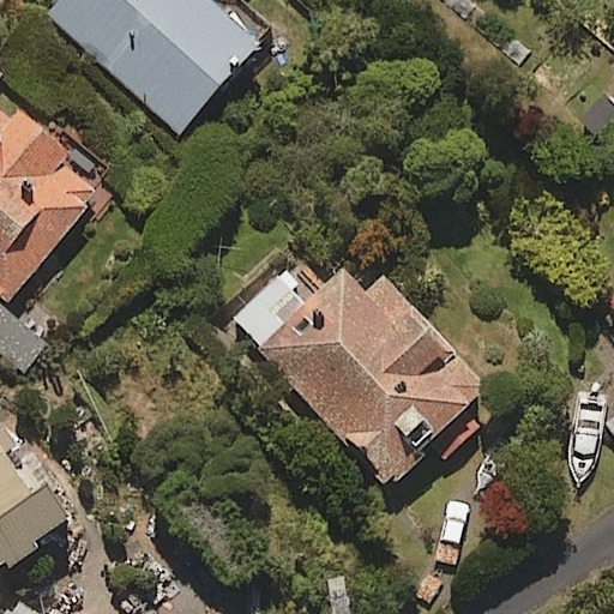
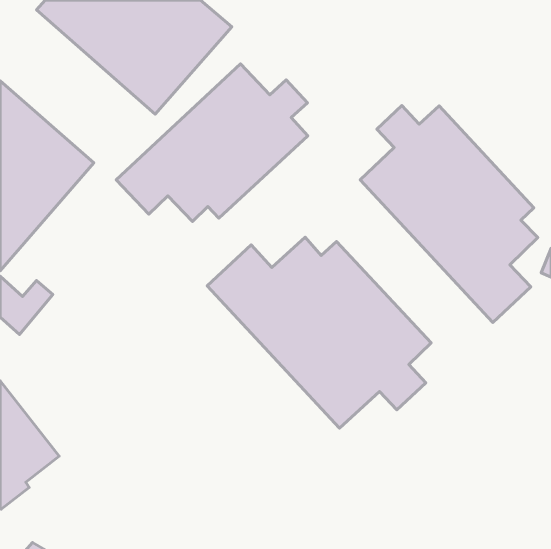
building: none -> [116,64,308,221]
building: none -> [360,106,538,323]

